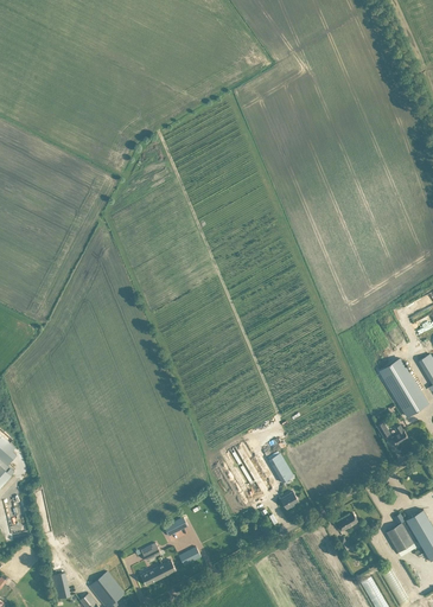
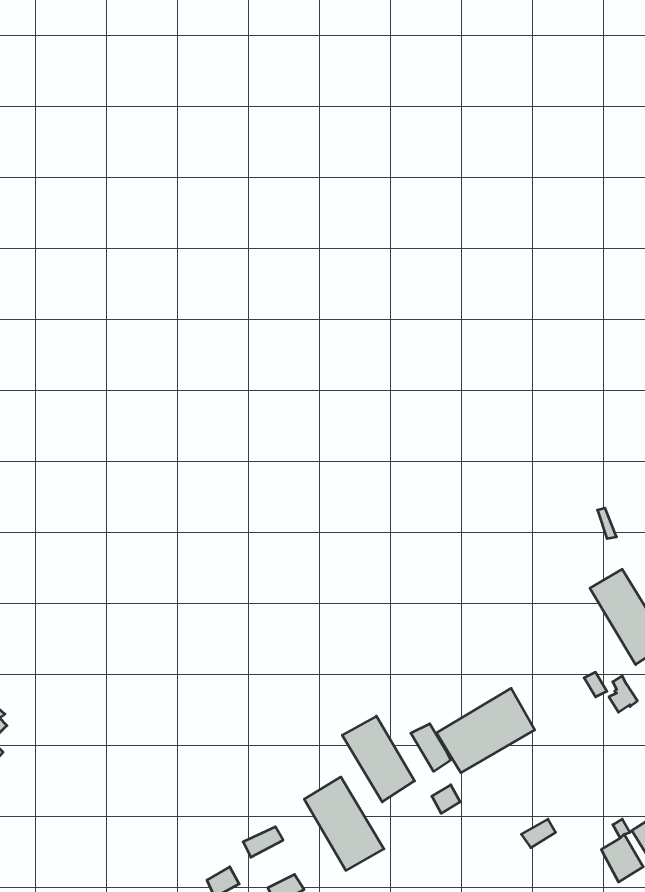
building: none -> [437,688,535,773]
building: none -> [304,777,384,870]

